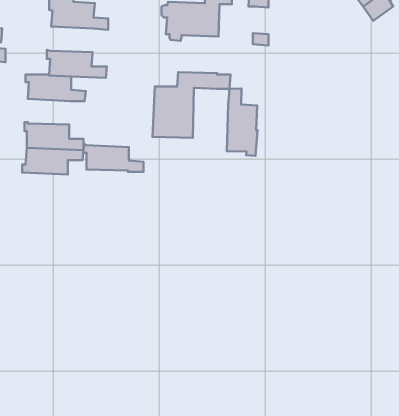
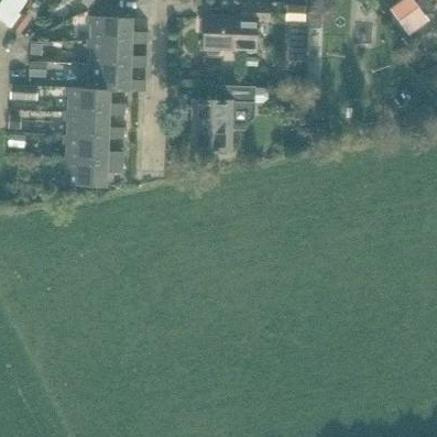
building: none -> [87,41,146,67]
building: [227,89,258,156] -> none
building: [83,144,143,172] -> [64,111,123,139]

